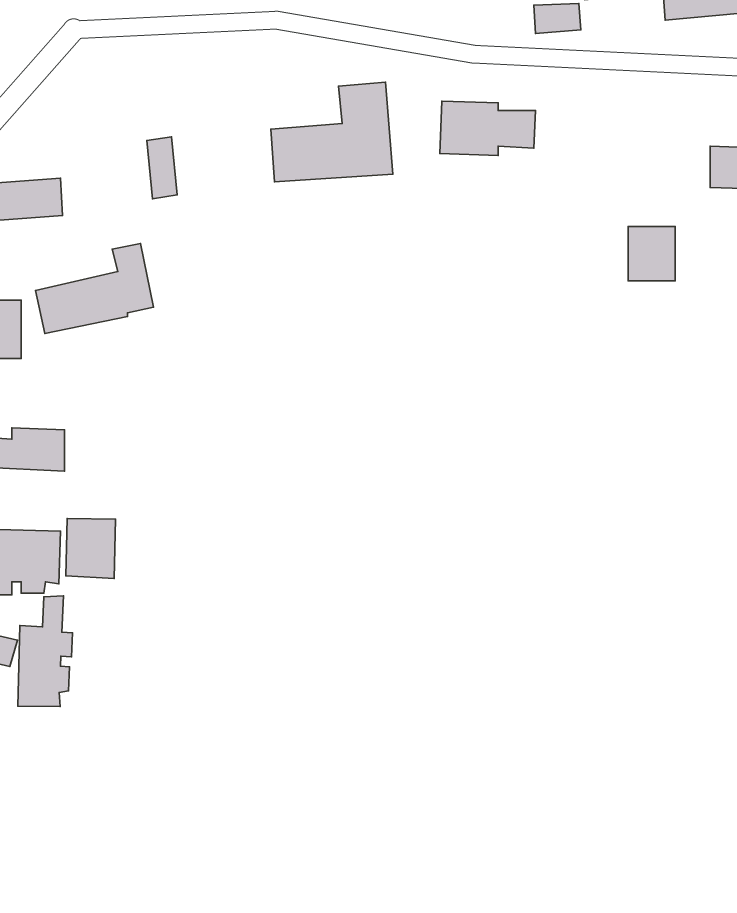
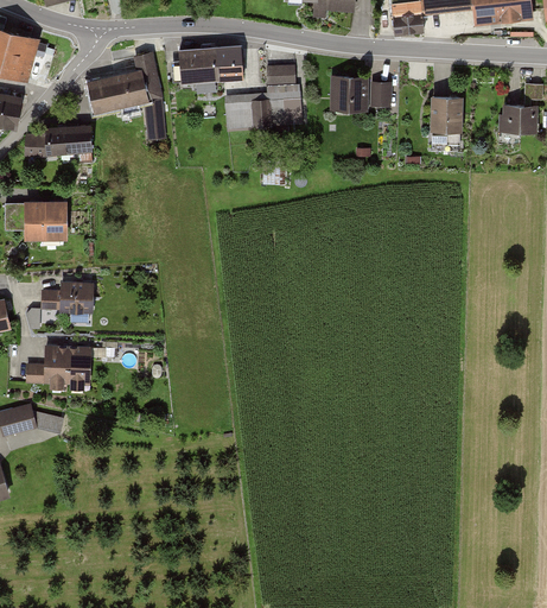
building: none -> [178,48,244,93]
building: [628,226,675,281] -> [431,96,460,131]
building: [35,243,154,334] -> [87,53,161,110]
building: [66,518,116,578] -> none
building: [18,596,73,707] -> none

